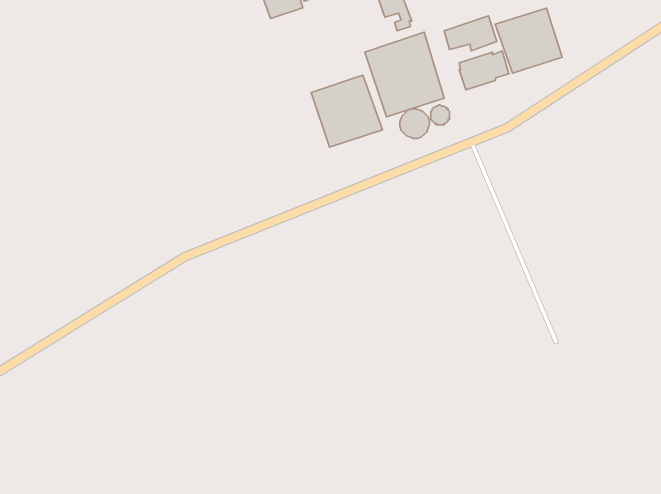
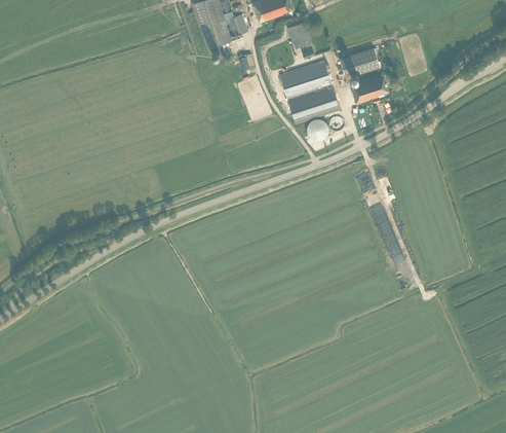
building: [495,8,562,73] -> none
building: [311,75,383,147] -> none

